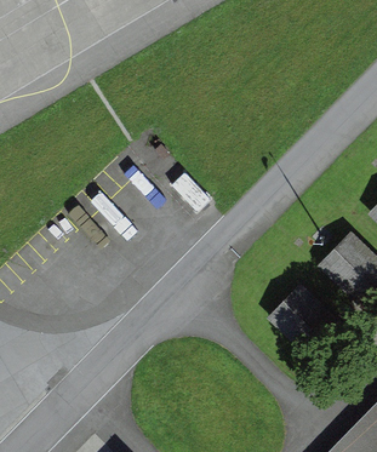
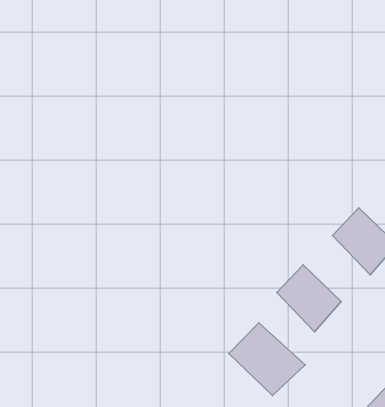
building: none -> [229,323,305,396]

